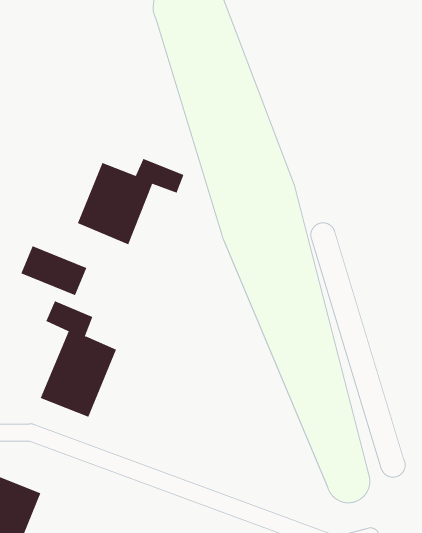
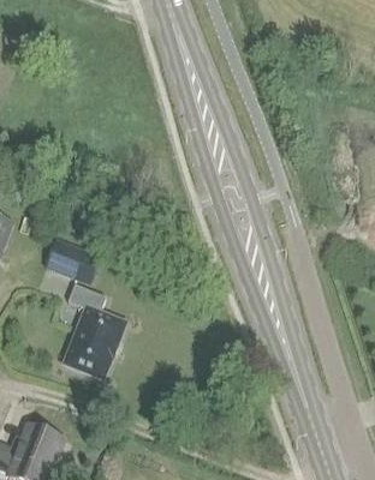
building: [77,158,184,245] -> none

